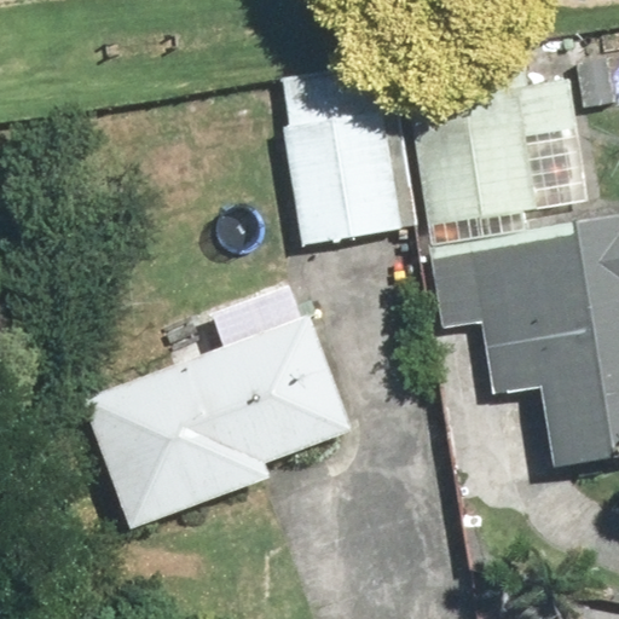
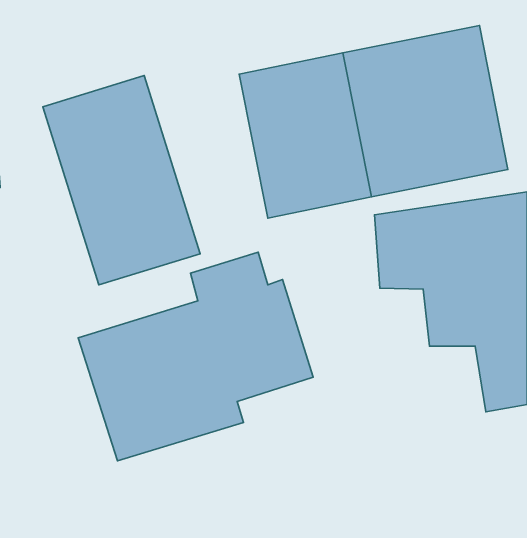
building: none -> [43,75,200,285]

